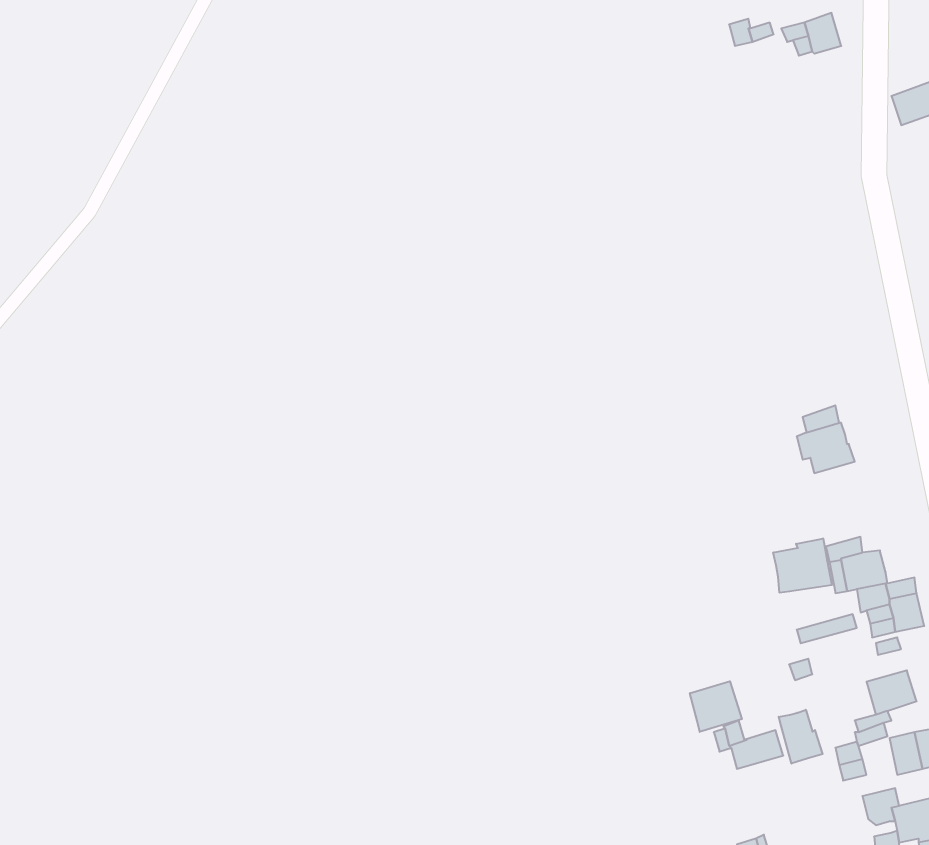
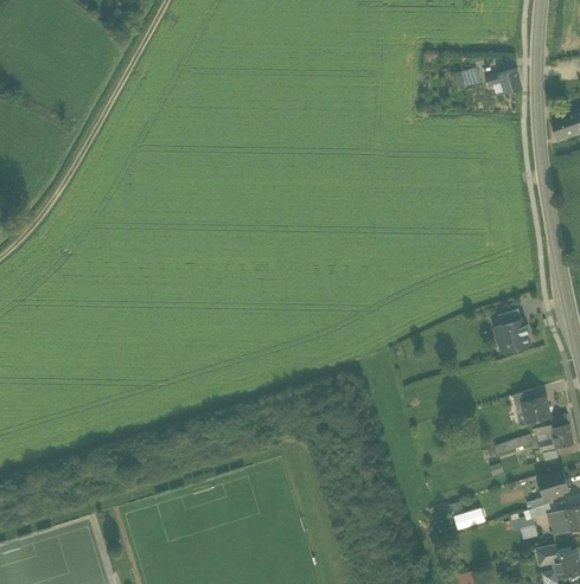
building: [773,538,832,593] -> none
building: [690,681,742,732] -> none
building: [779,710,823,764] -> none

